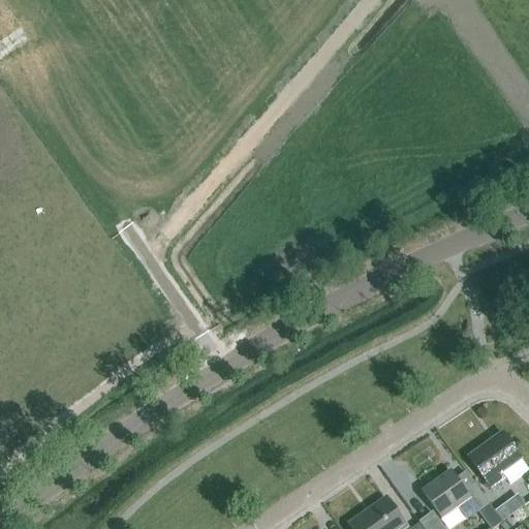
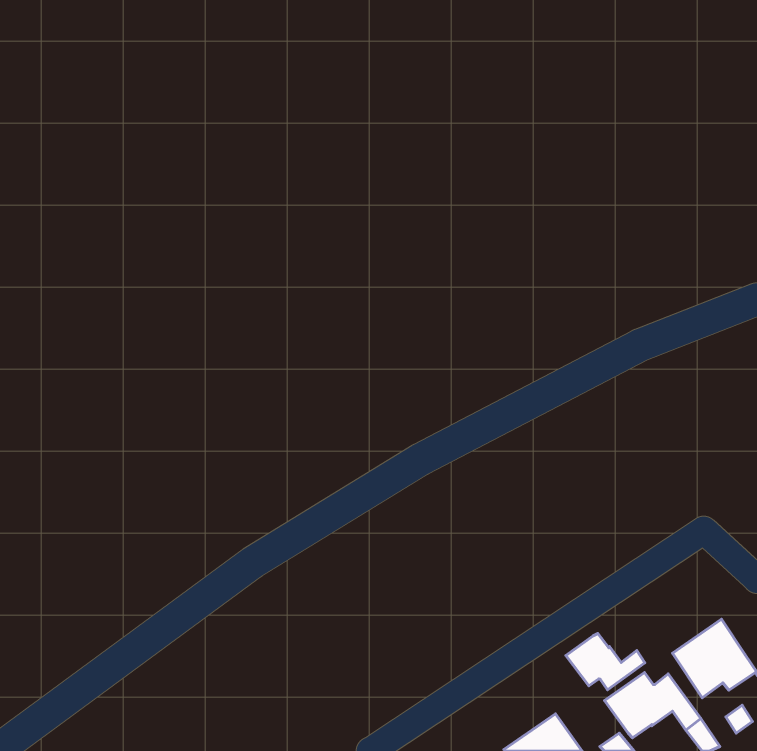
building: none -> [566,633,645,690]

